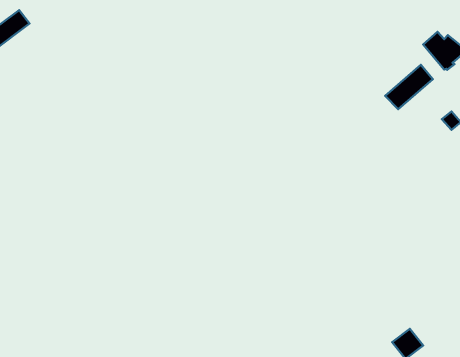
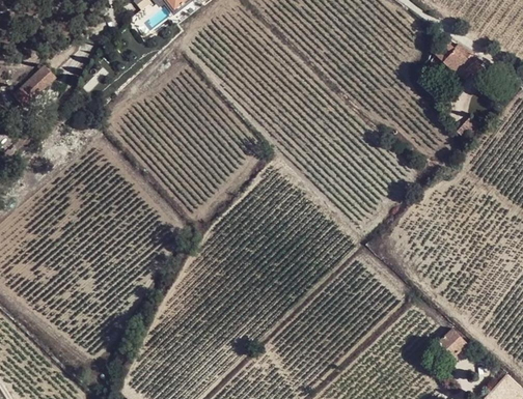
building: [385,65,433,109] -> none

